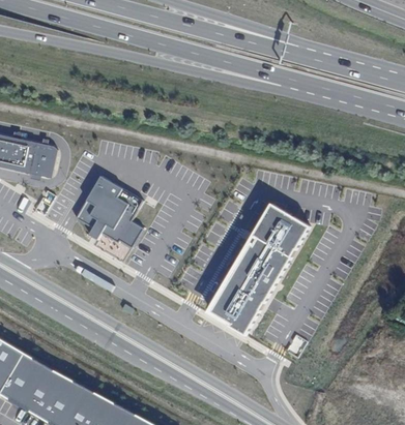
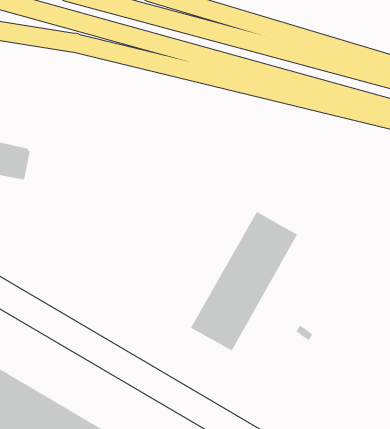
building: [76,176,142,246] -> none

